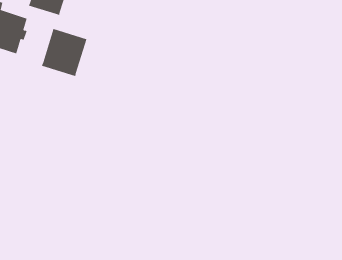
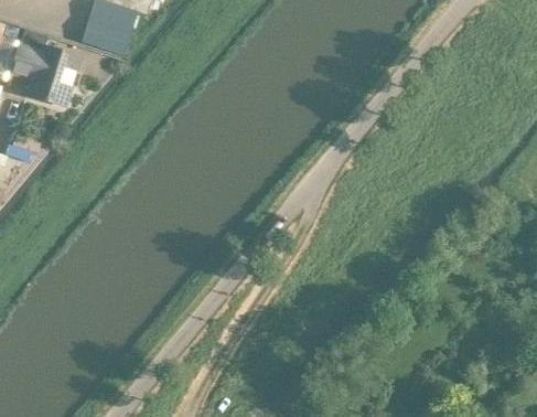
building: [41,28,87,77] -> none

